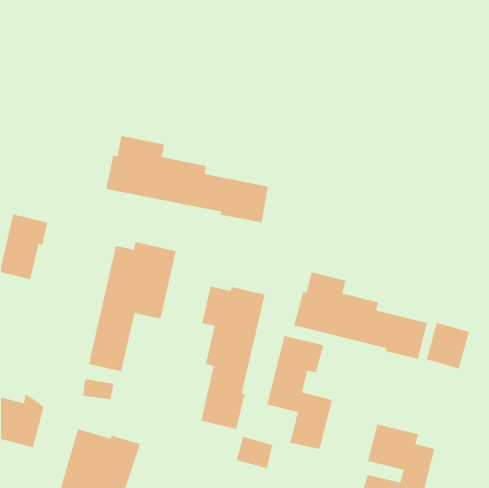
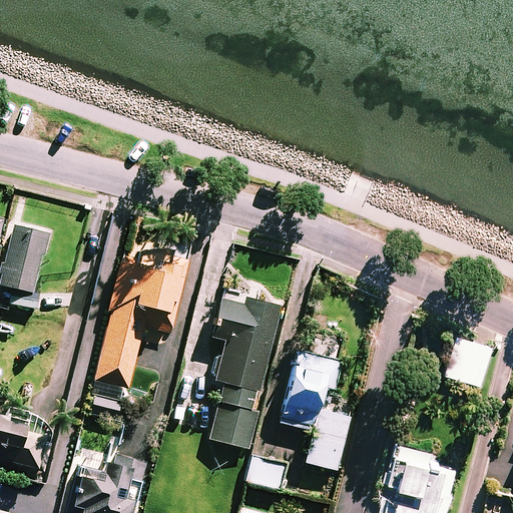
building: [106,135,269,223] -> none
building: [294,272,427,359] -> none

